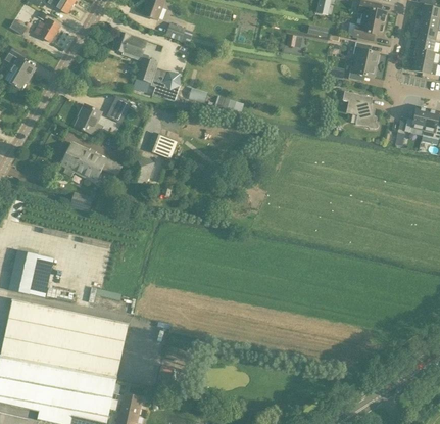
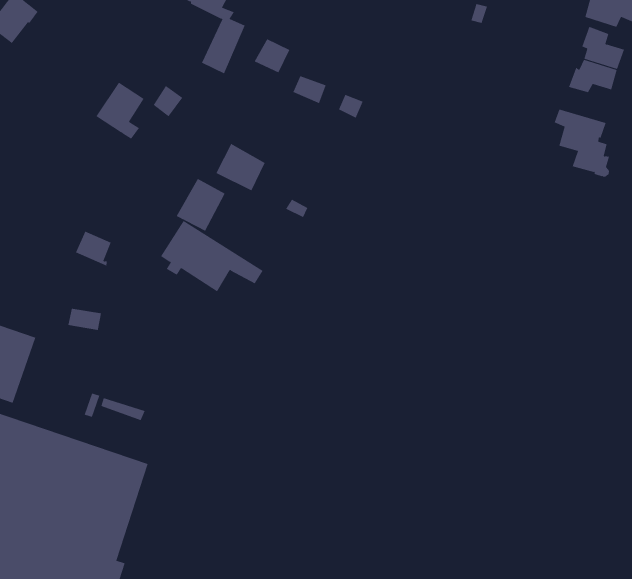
building: [60,143,121,183] -> [160,220,264,292]

